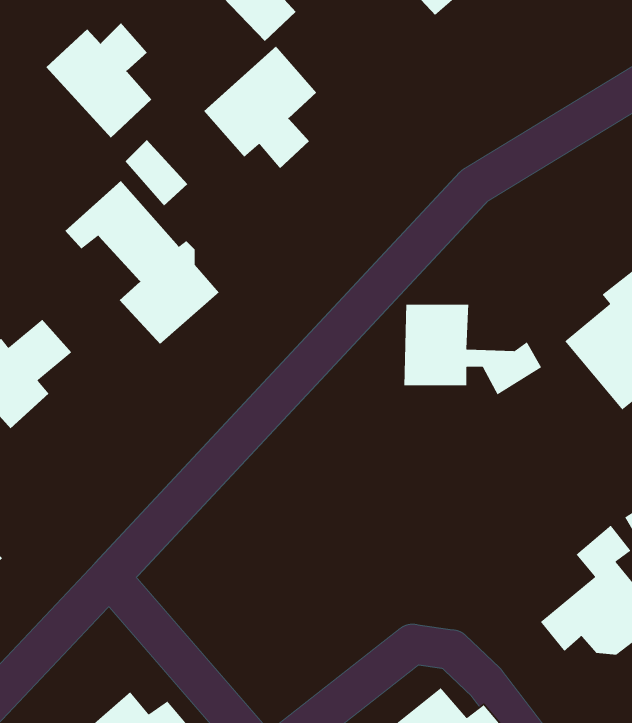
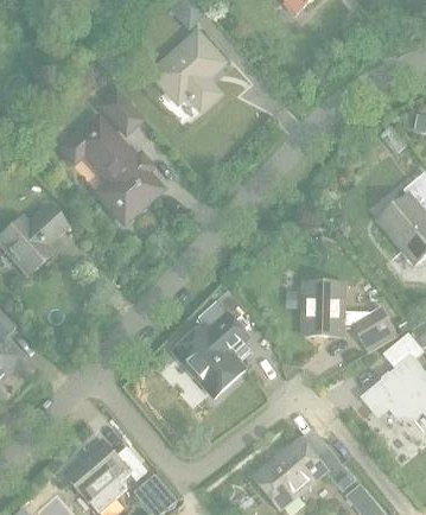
building: [45,22,152,139] -> none
building: [404,304,542,395] -> [301,282,389,341]
building: none -> [172,288,248,396]

